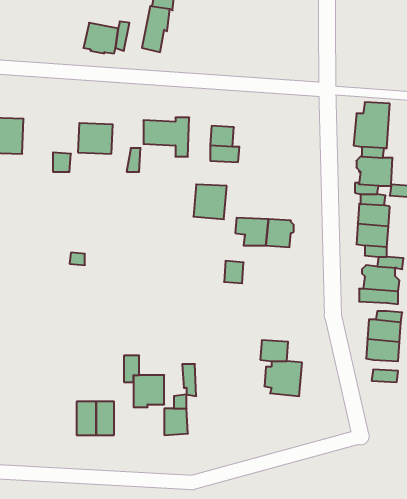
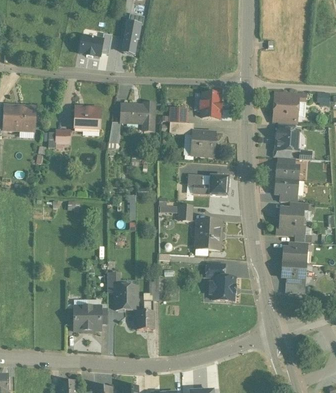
building: none -> [200,93,221,118]
building: [193,184,227,219] -> [191,131,215,156]
building: none -> [196,220,221,250]

